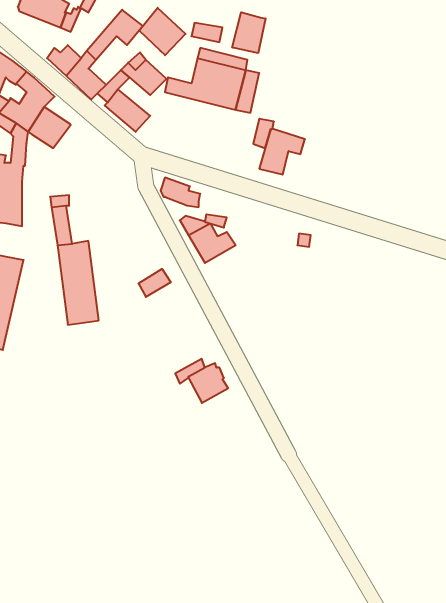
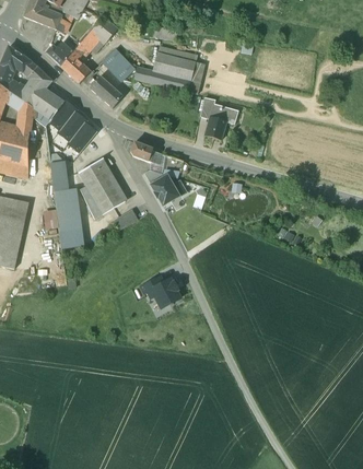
building: [139,8,186,55] -> none
building: [232,12,266,53] -> none
building: none -> [50,101,97,152]
building: none -> [79,157,128,214]

